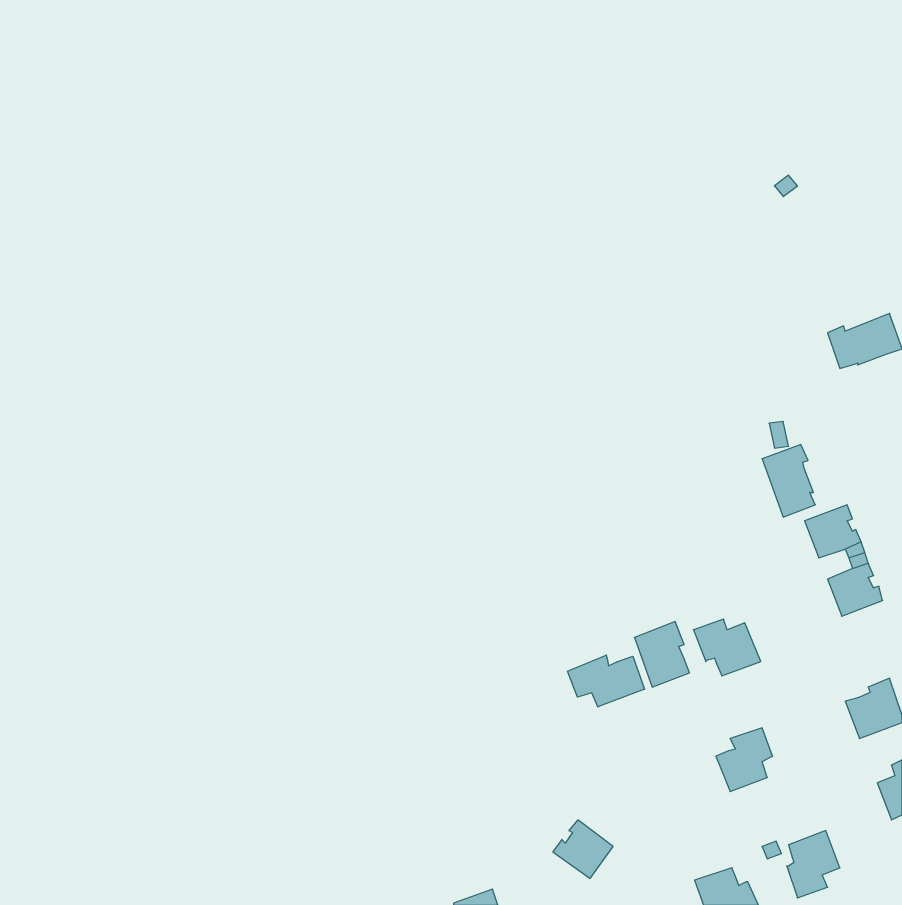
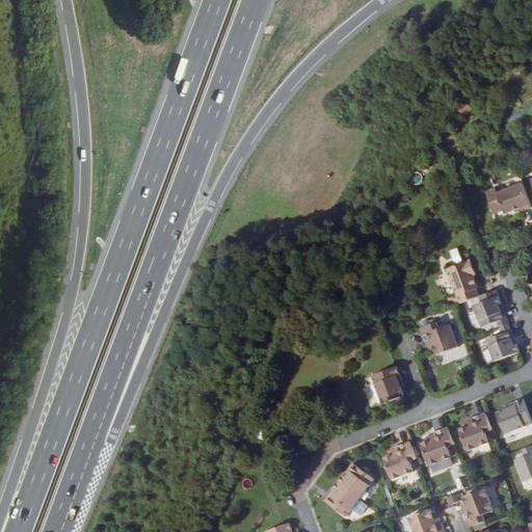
building: [693,619,761,676] -> [419,322,458,355]
building: [567,655,645,707] -> none
building: none -> [458,413,491,450]
building: none -> [382,441,416,479]
building: none -> [339,462,374,497]

